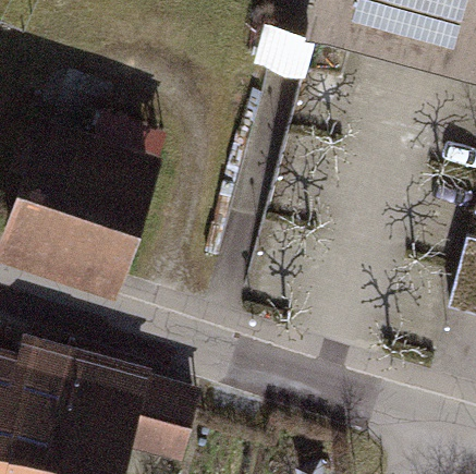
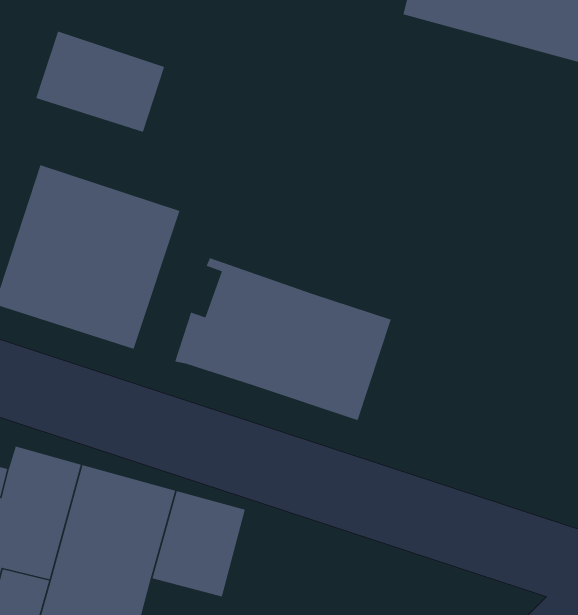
building: none -> [35,31,165,133]
building: none -> [174,257,392,421]

